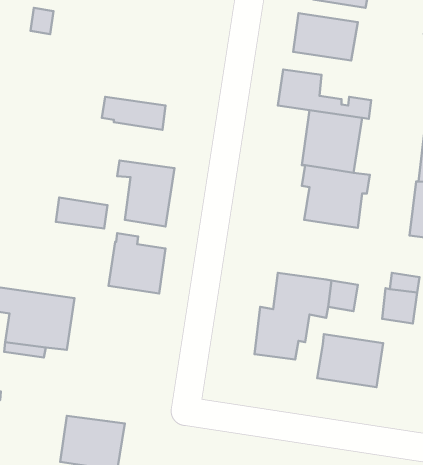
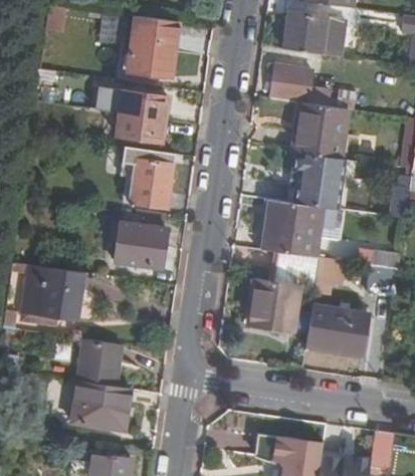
building: none -> [129,15,179,77]
building: [56,198,108,228] -> [118,112,165,141]
building: none -> [262,199,323,256]
building: none -> [76,338,121,386]

